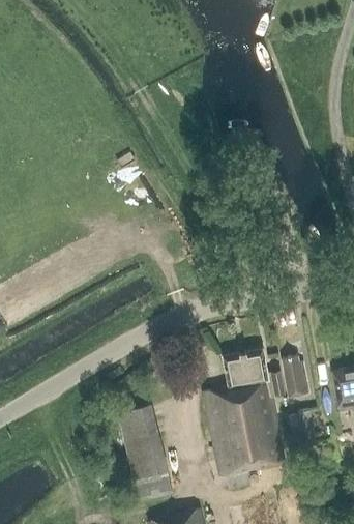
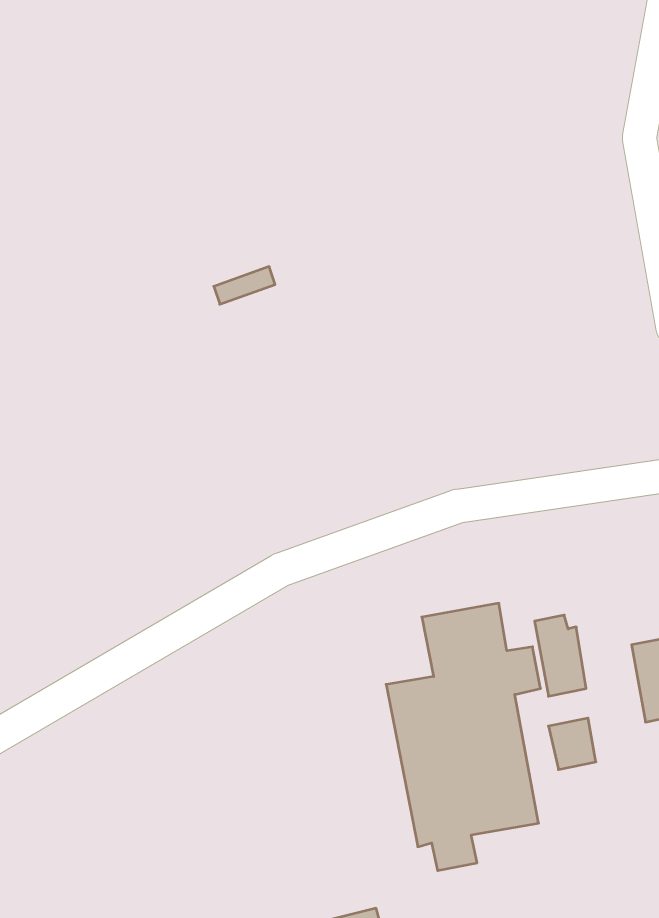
building: [117,404,173,501] -> none

